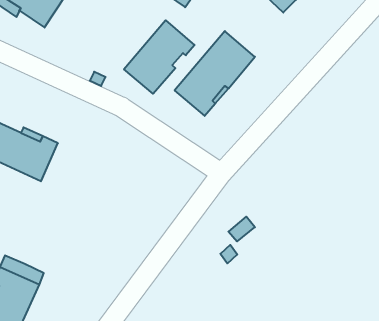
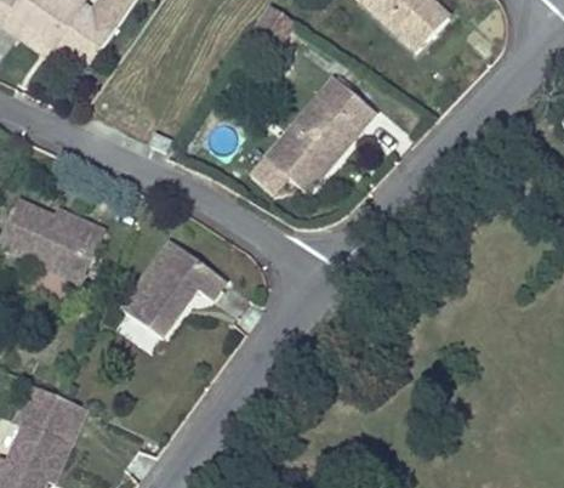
building: [124,20,195,94] -> none
building: none -> [121,239,227,335]

